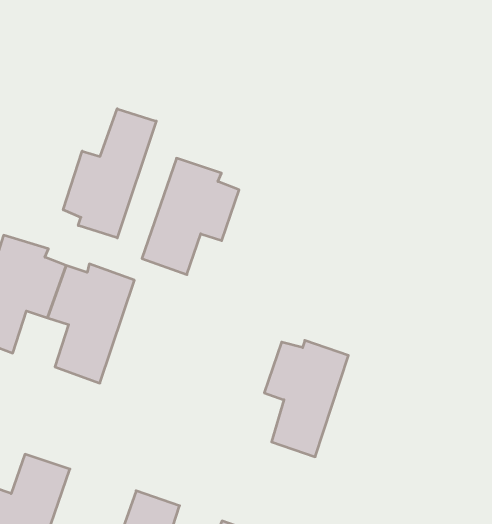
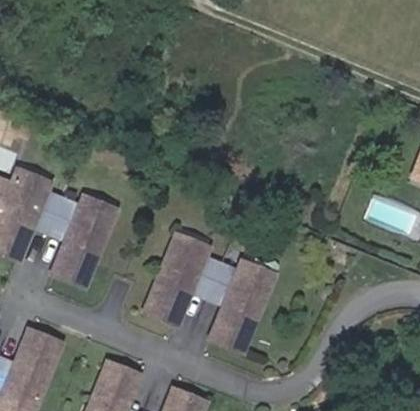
building: [63,109,156,238] -> none
building: [142,158,239,275] -> [146,239,220,324]

